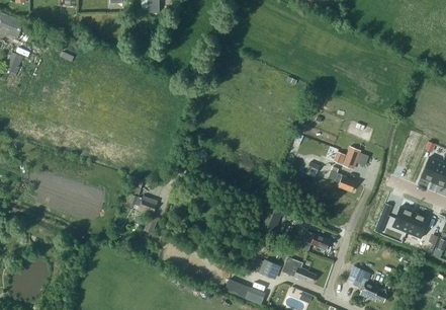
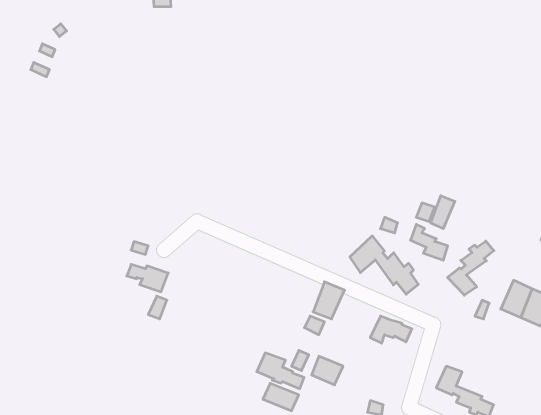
building: none -> [350,236,418,294]
building: none -> [448,241,494,295]
building: [282,257,316,283] -> [257,353,304,389]

